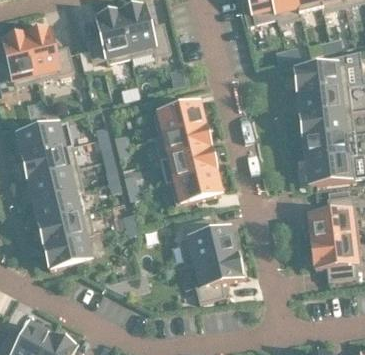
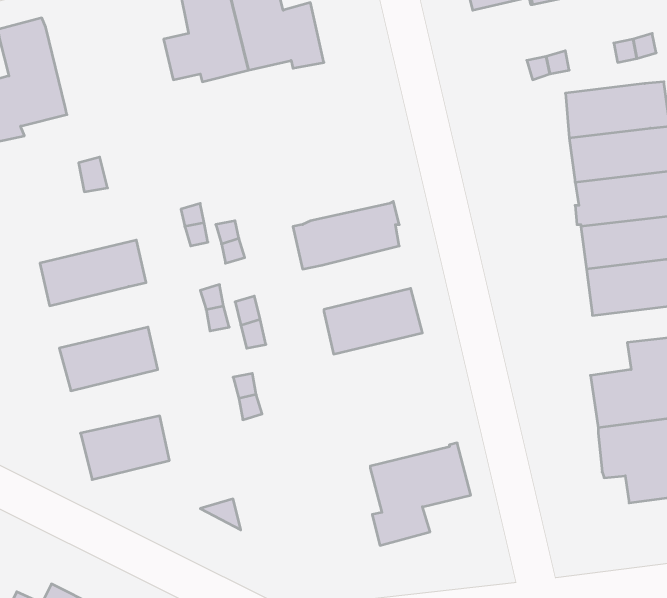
building: [24,24,74,79] -> none
building: [153,101,204,136] -> none
building: [17,121,73,156] -> none
building: [159,147,215,181] -> none
building: [28,166,83,200] -> none
building: [37,210,94,244] -> none
building: [179,216,235,264] -> none

